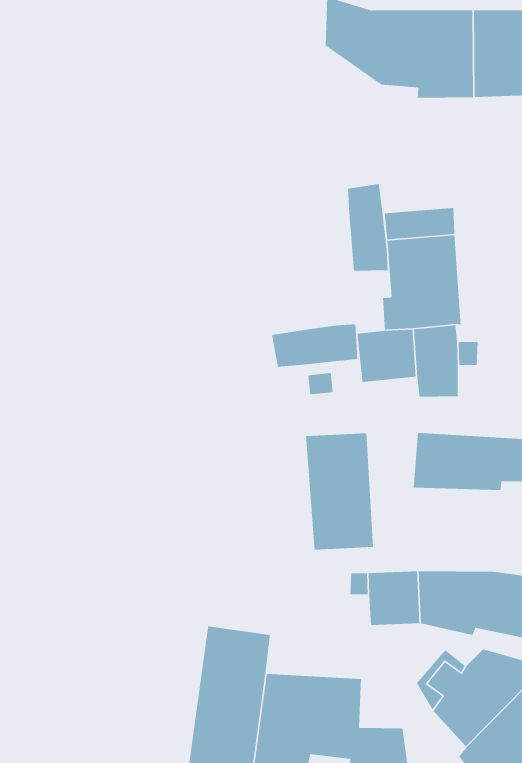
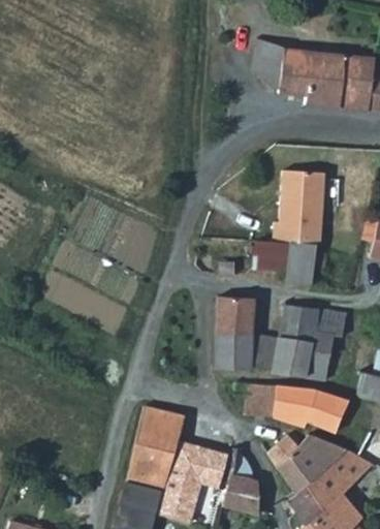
building: [347,183,389,272] -> none
building: [271,323,358,367] -> none
building: none -> [273,337,331,379]

